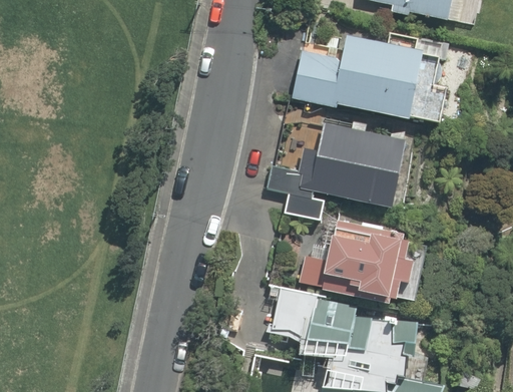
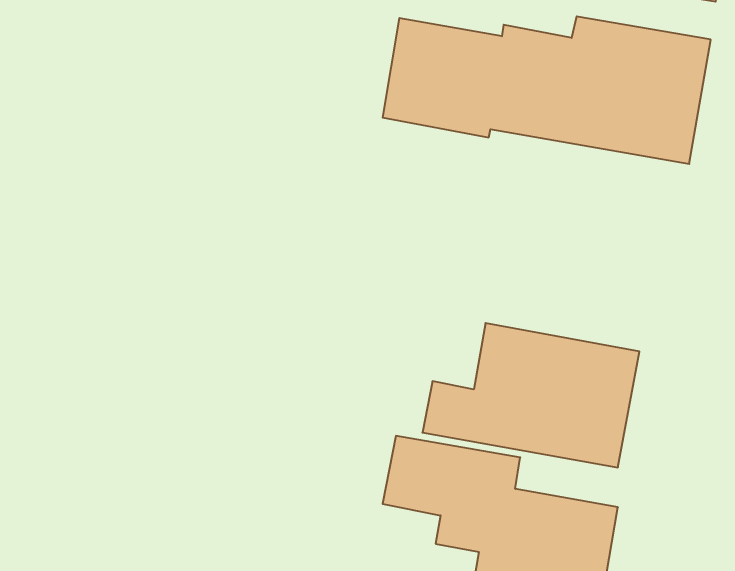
building: [270,122,407,220] -> none

